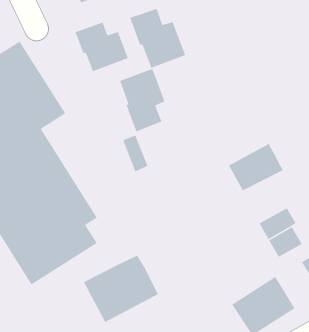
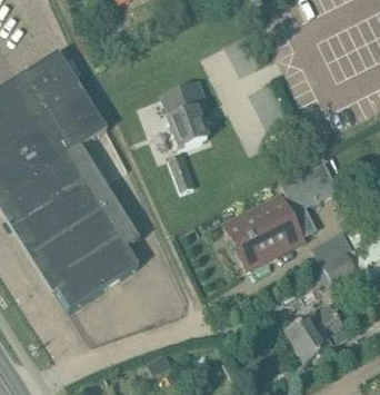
building: [129,8,186,69] -> none
building: [75,22,129,72] -> none
building: [83,255,159,323] -> [224,195,304,267]

